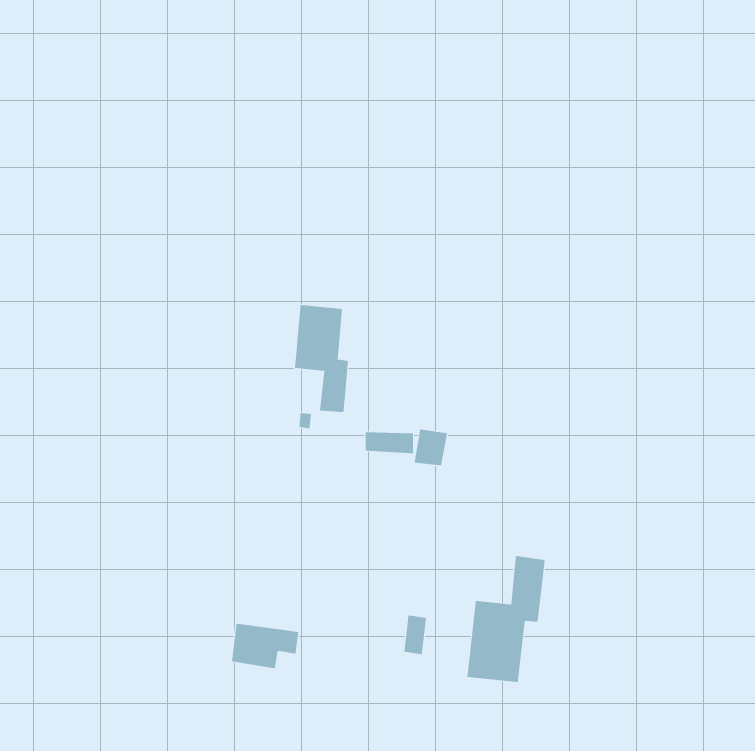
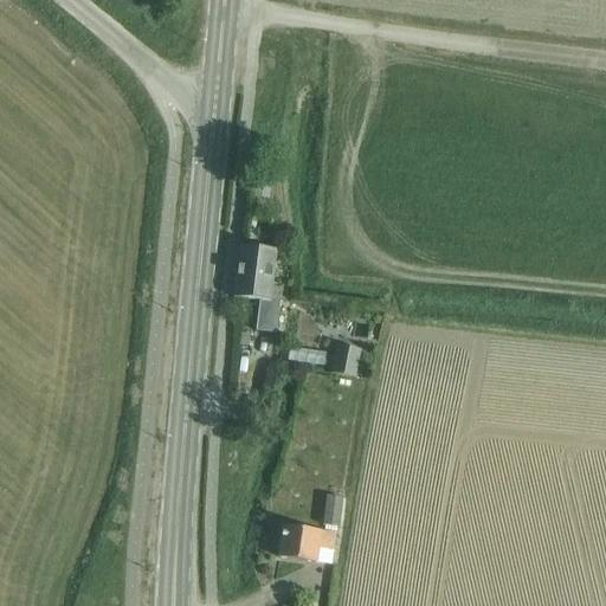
building: [467,555,545,683] -> none
building: [231,623,299,669] -> [279,522,334,559]

